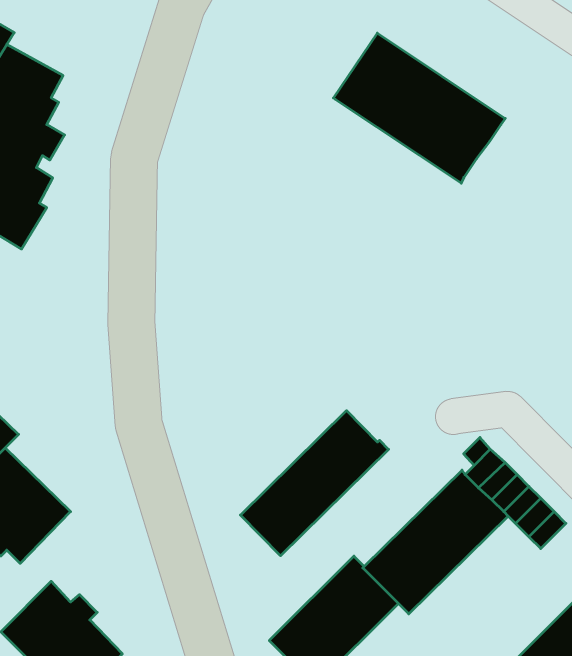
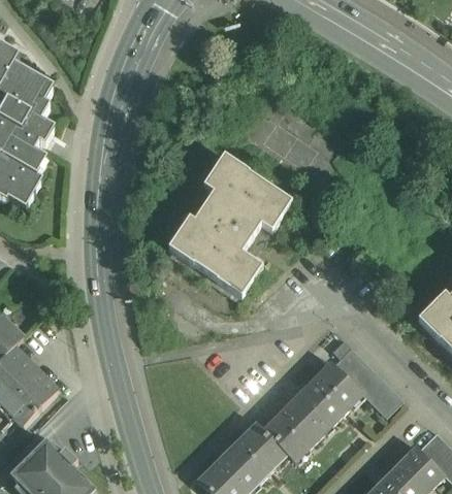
building: [333,33,505,183] -> none
building: none -> [167,155,290,297]
building: [240,411,389,556] -> none

